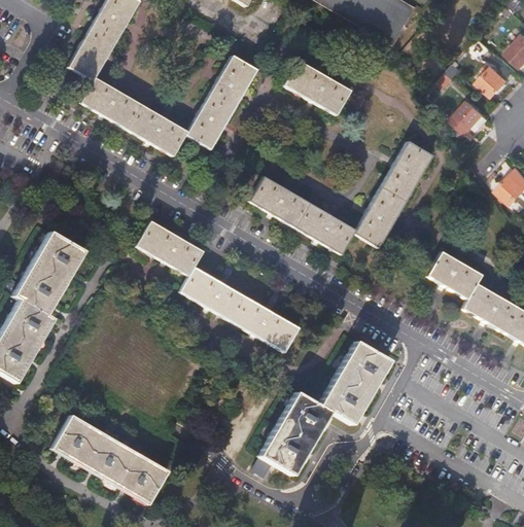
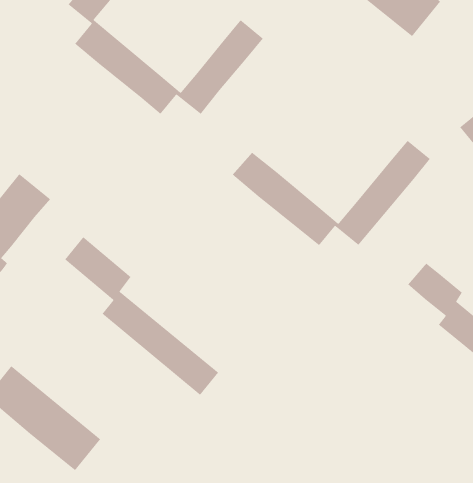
building: [284,59,351,114] -> none
building: [135,220,298,352] -> [64,236,219,396]
building: [255,345,389,478] -> none

